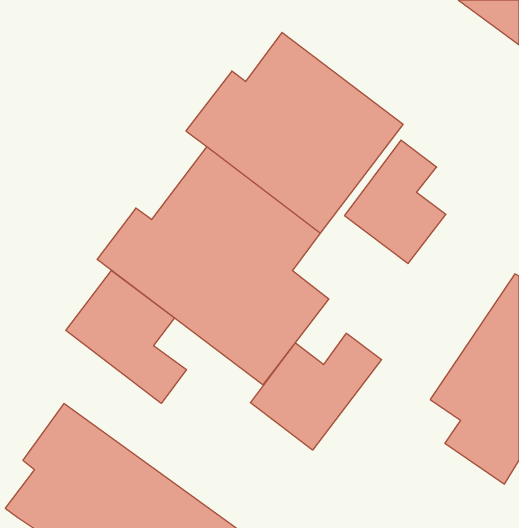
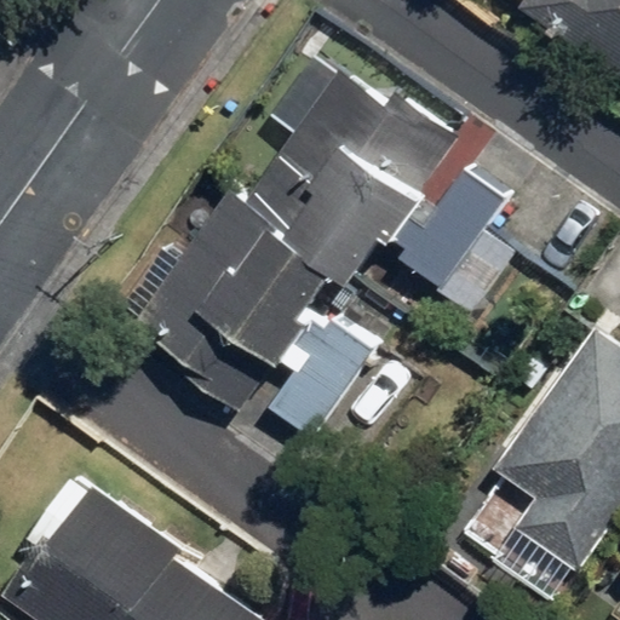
building: [66,270,186,403] -> none
building: [250,333,382,450] -> none

